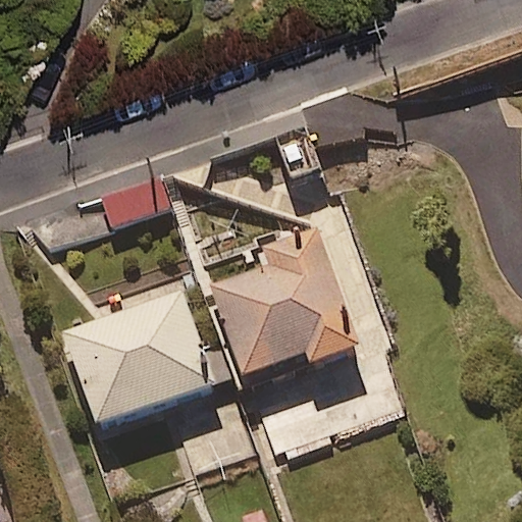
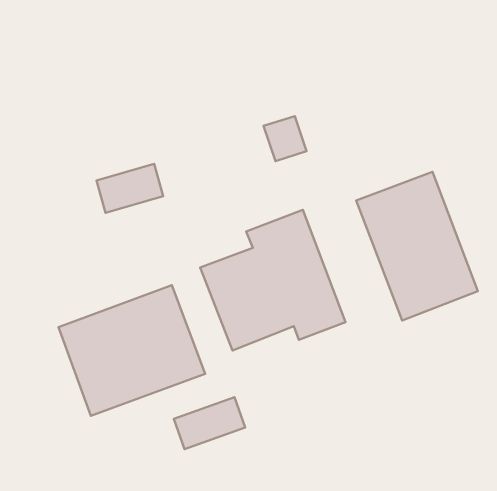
building: none -> [356,172,478,320]

